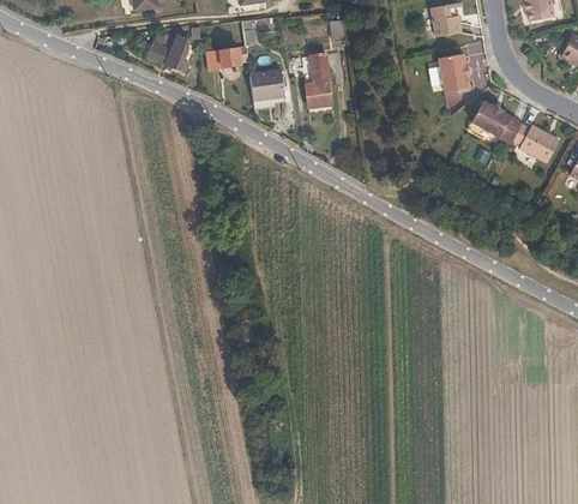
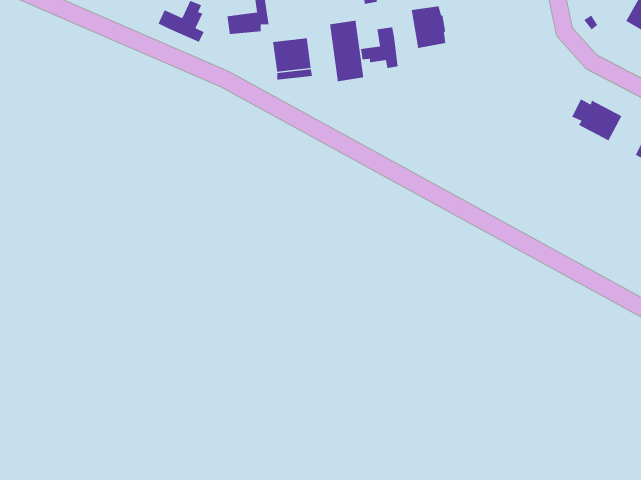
building: [439,54,470,92] -> [411,6,446,49]
building: none -> [360,26,399,69]
building: [472,101,524,144] -> none

